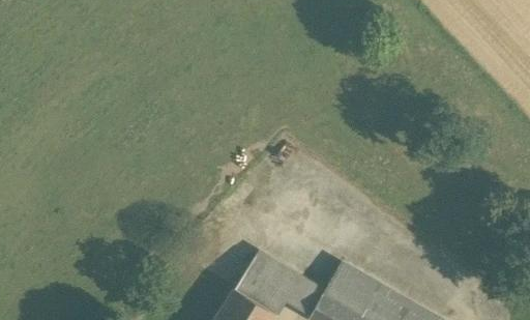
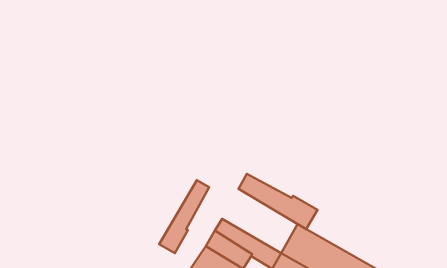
building: none -> [238,174,318,229]
building: none -> [159,180,209,253]

